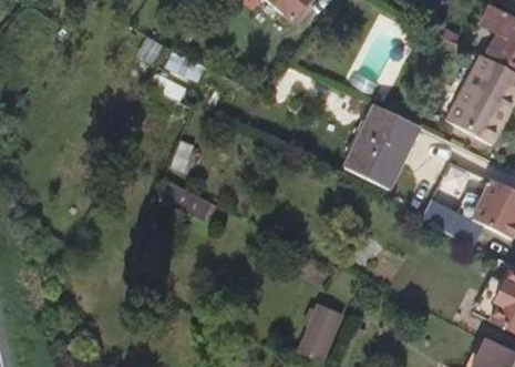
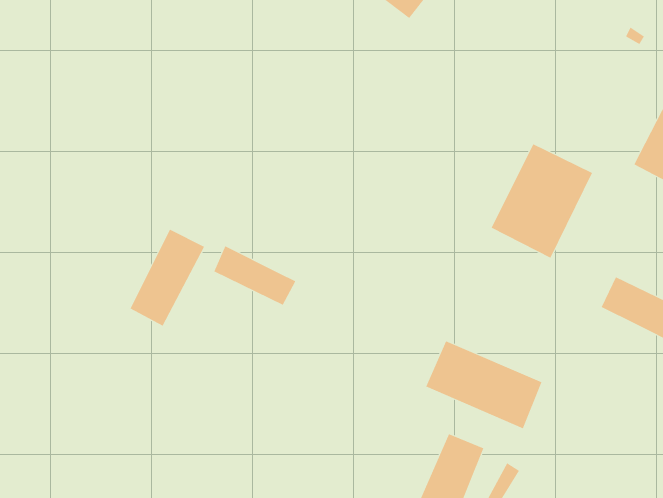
building: none -> [130,229,205,327]
building: none -> [426,341,542,429]

